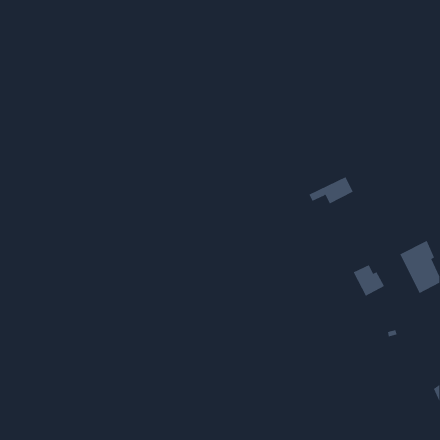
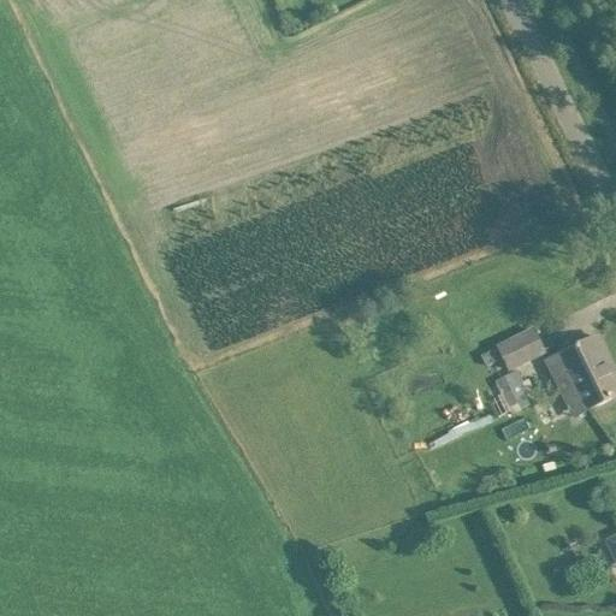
building: [309,176,354,204] -> [478,330,540,368]

